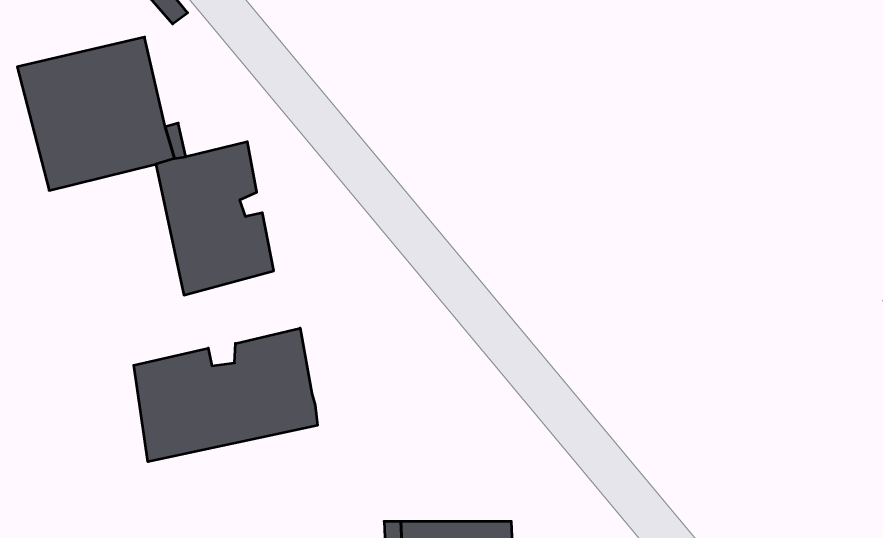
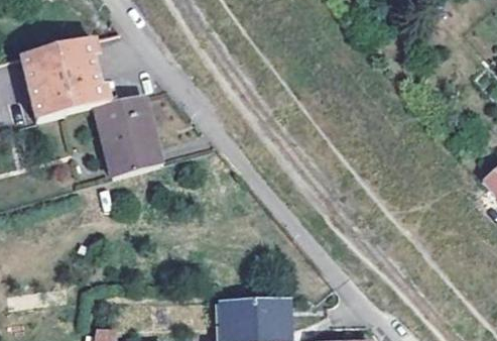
building: [134,328,317,462] -> none

